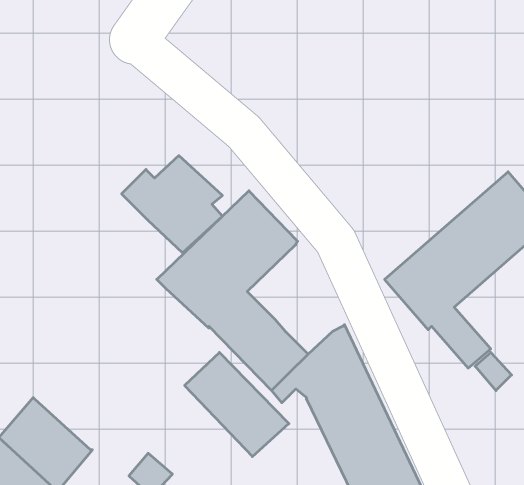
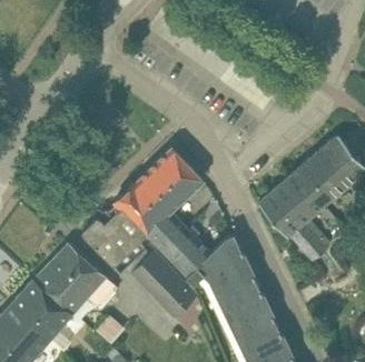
building: [122,156,222,253] -> [81,211,146,273]
building: none -> [34,245,102,314]

